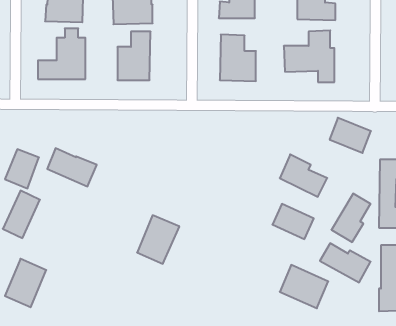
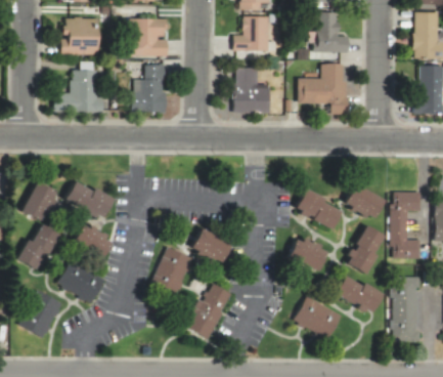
building: [330,118,371,153] -> [343,183,384,218]
building: none -> [71,222,113,259]
building: none -> [189,228,229,262]
building: none -> [57,258,106,304]
building: none -> [187,283,233,339]

